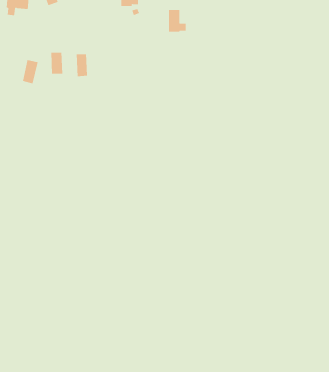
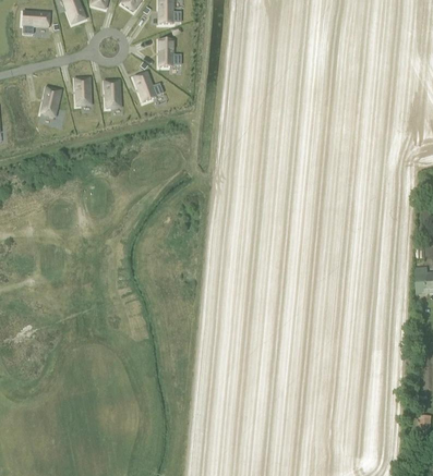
building: [168,9,186,32] -> [159,38,181,65]
building: none -> [134,71,164,100]

